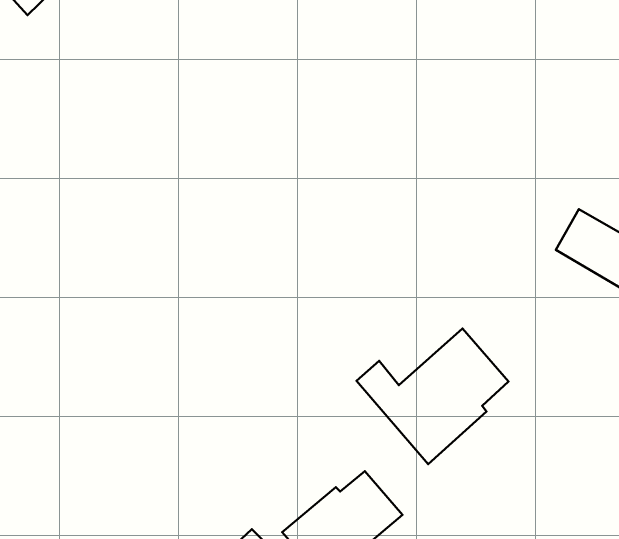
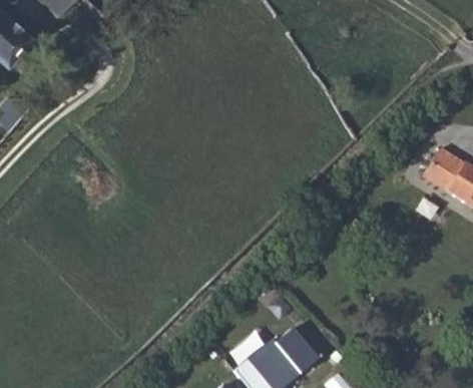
building: [357,329,508,464] -> none

